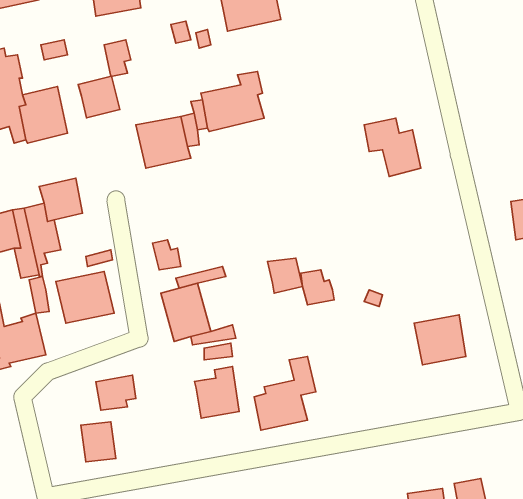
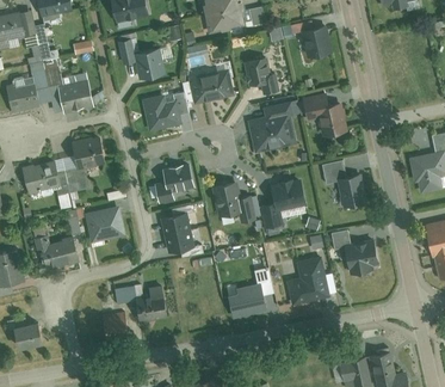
building: none -> [292,22,332,59]
building: none -> [245,57,279,94]
building: [78,76,120,118] -> [134,49,163,79]
building: none -> [247,97,299,153]
building: none -> [320,160,365,207]
building: none -> [162,164,194,192]
building: none -> [271,179,307,219]
building: none -> [215,184,240,217]
building: none -> [290,254,332,303]
building: [194,366,239,418] -> [135,287,167,324]

